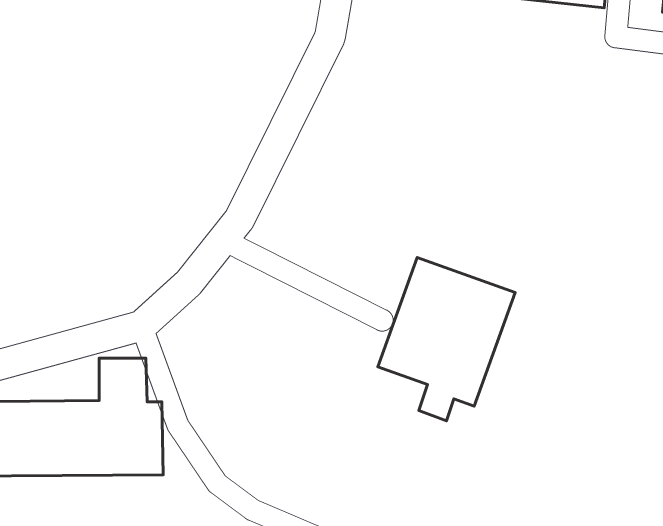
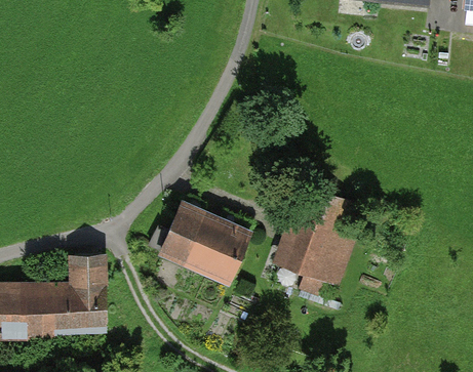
building: none -> [158,200,254,286]

